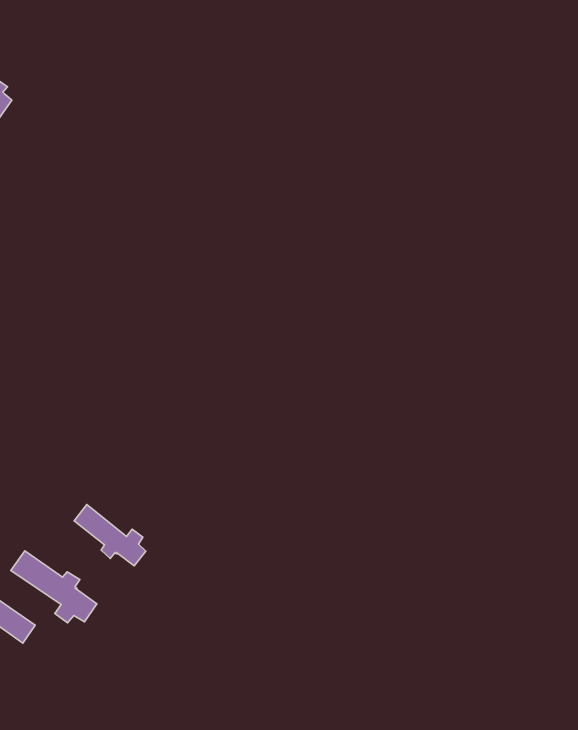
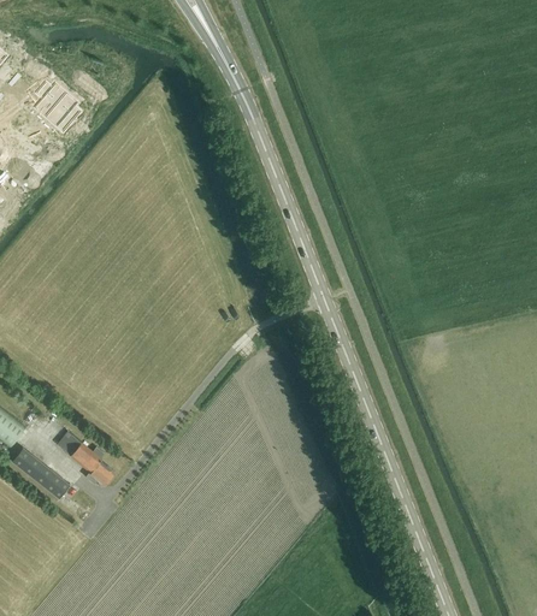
building: [74,504,146,566] -> none

